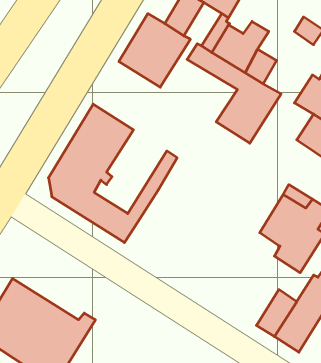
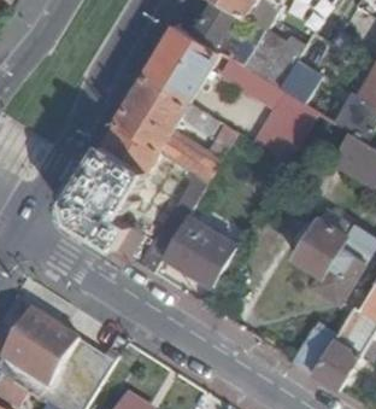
building: none -> [116,75,236,179]
building: none -> [160,214,235,285]

